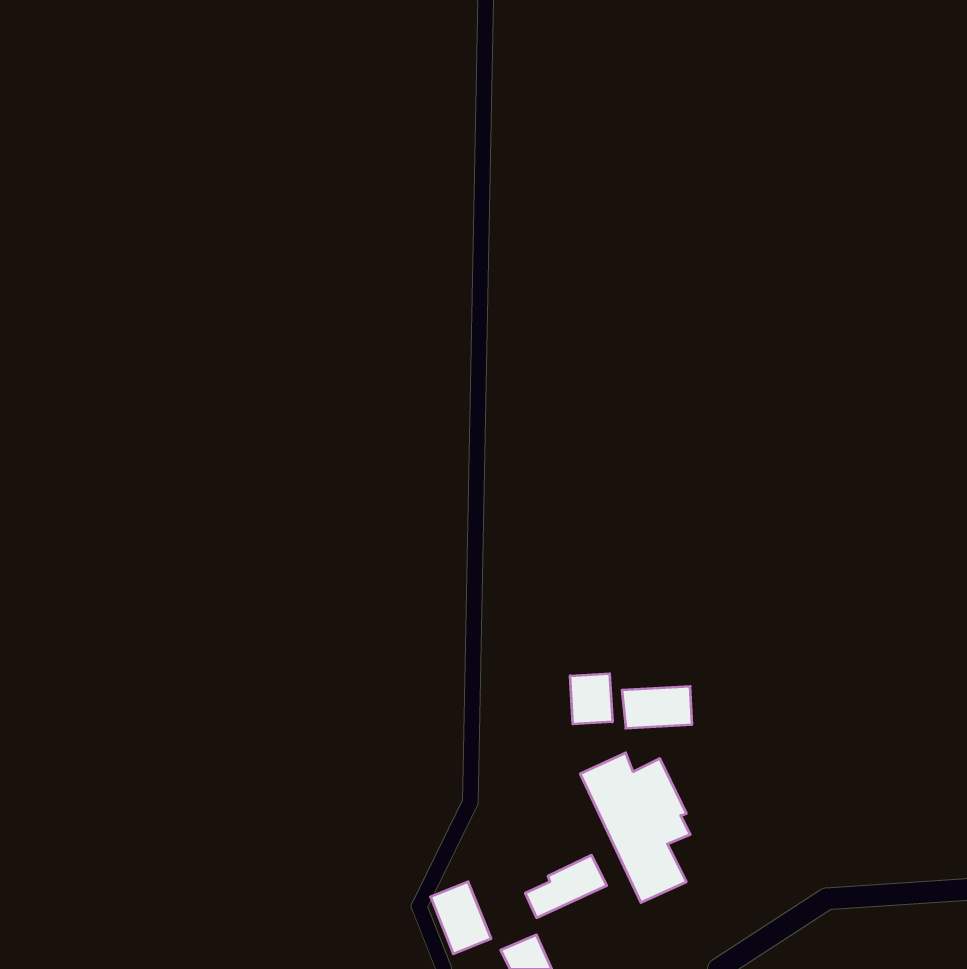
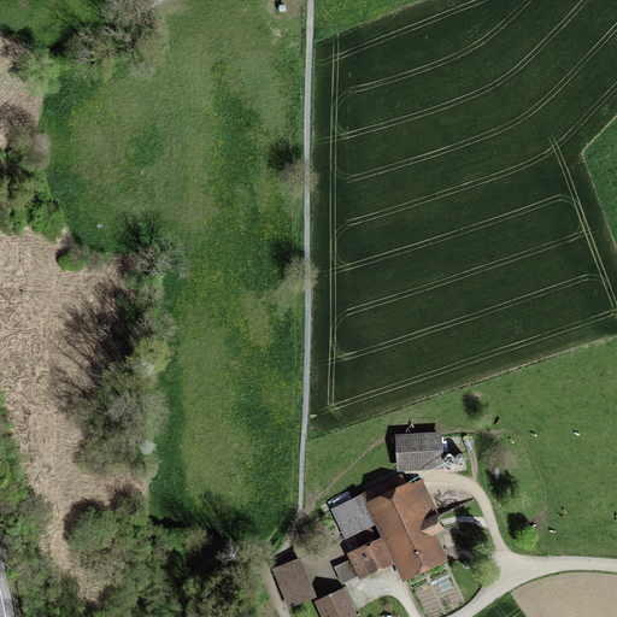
building: [570,674,612,724] -> none
building: none -> [333,499,369,537]

